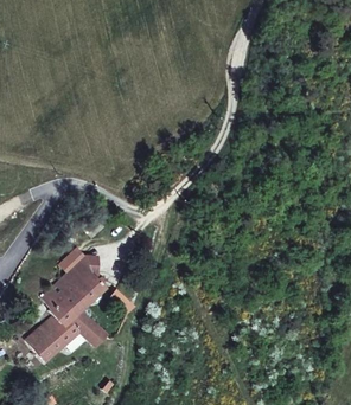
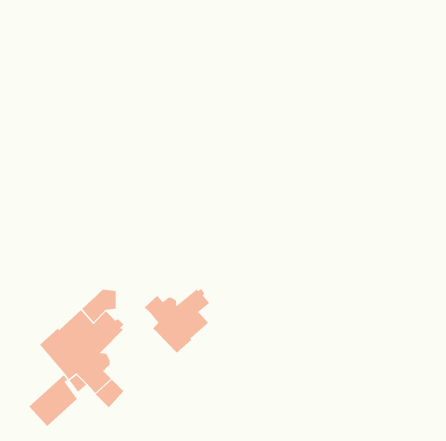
building: none -> [144,288,210,354]

